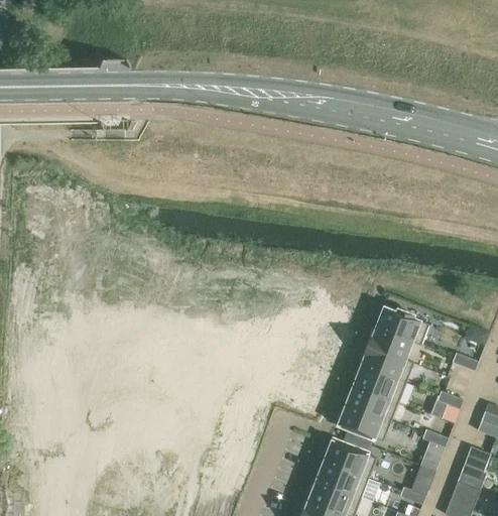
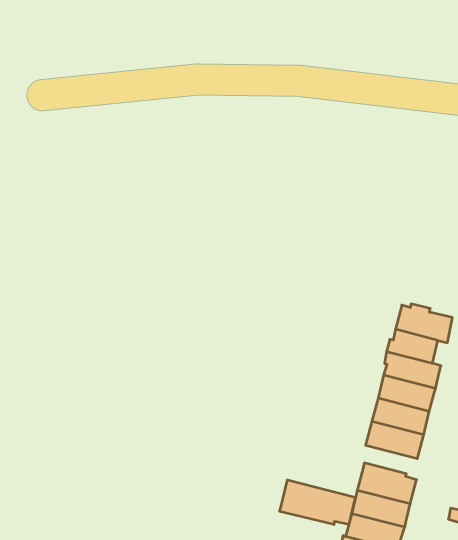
building: none -> [280,480,355,525]

